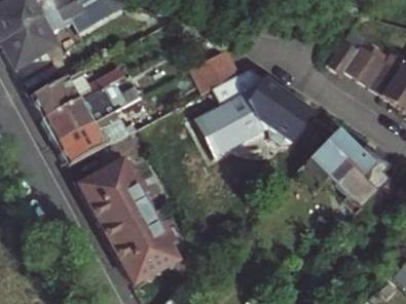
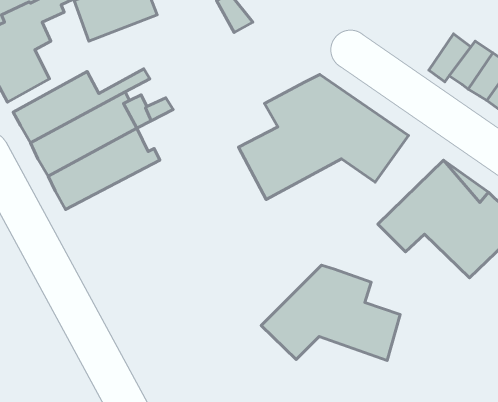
building: [188,48,239,93] -> none
building: [80,159,178,281] -> none
building: none -> [261,265,400,361]

